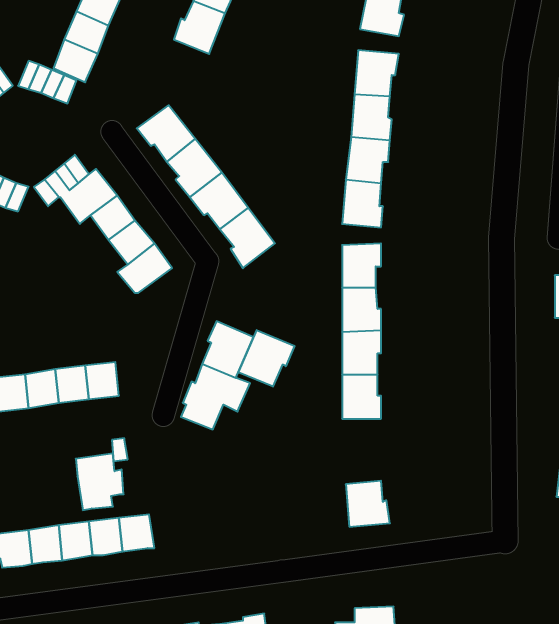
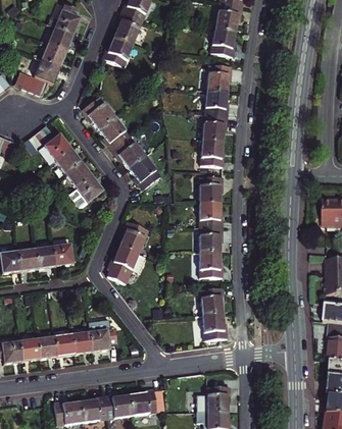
building: [238,330,295,387] -> none
building: none -> [200,287,224,315]
building: [76,453,124,510] -> [88,319,115,352]

